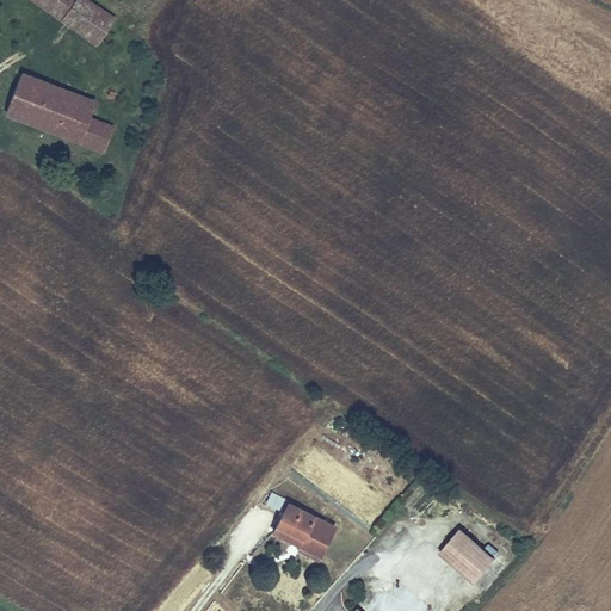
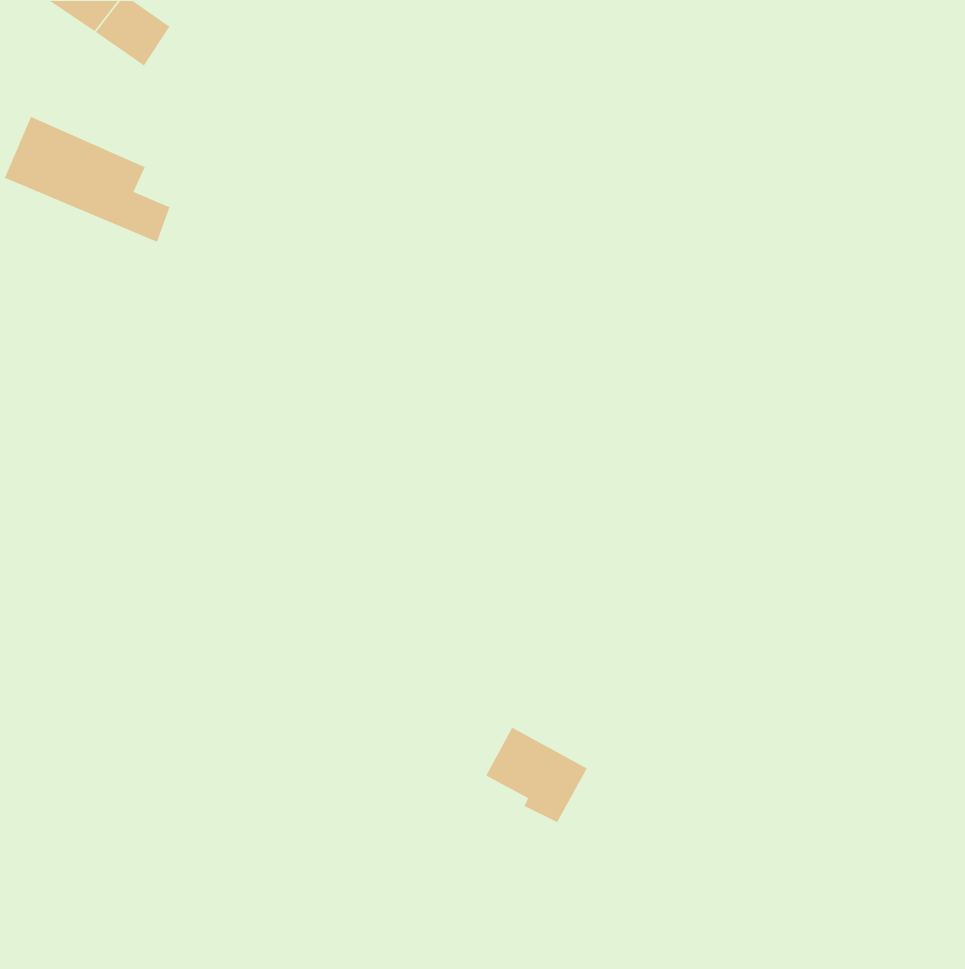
building: [274,501,339,562] -> [485,727,588,823]
building: [442,529,498,584] -> none

